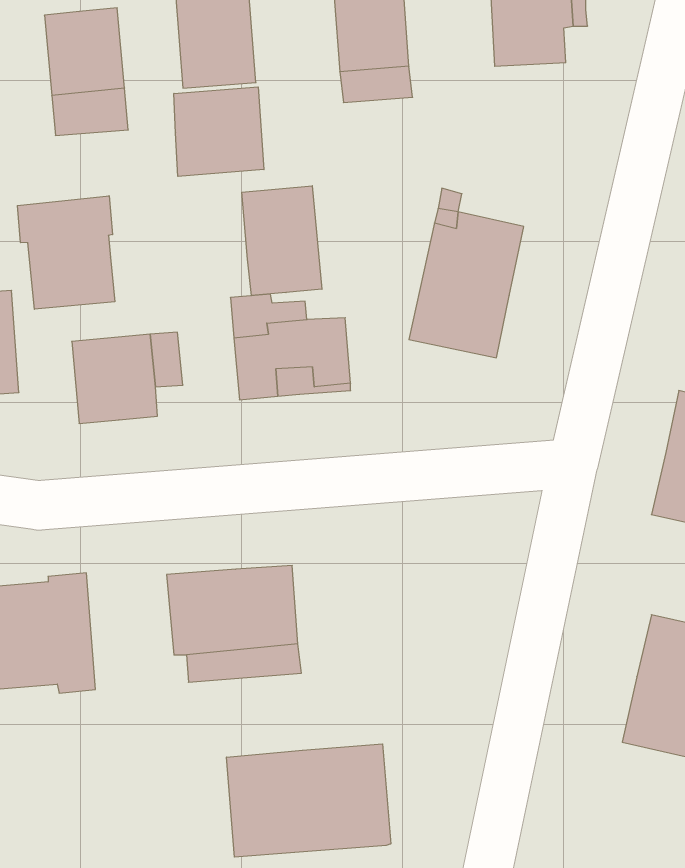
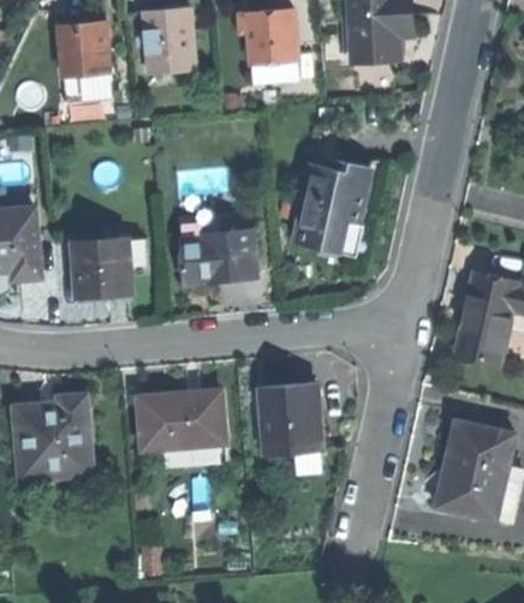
building: [174,87,264,176] -> none
building: [242,186,322,296] -> none
building: [17,196,115,309] -> none
building: none -> [262,383,318,454]
building: [227,744,391,857] -> none

